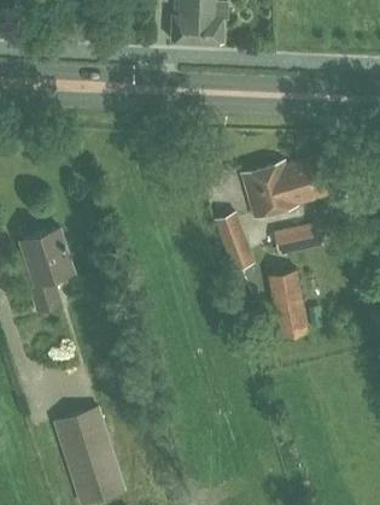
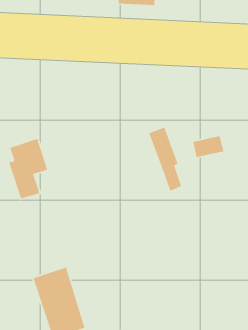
building: [241,155,331,218] -> none
building: [267,269,308,337] -> none

